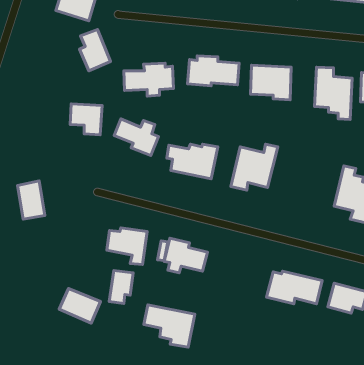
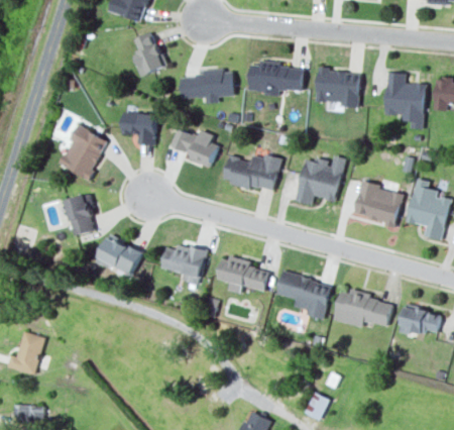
building: none -> [58,125,109,180]
building: none -> [354,184,403,225]
building: [109,270,133,303] -> none
building: [59,289,100,323] -> [98,237,142,275]
building: [144,305,195,347] -> [276,274,331,319]

